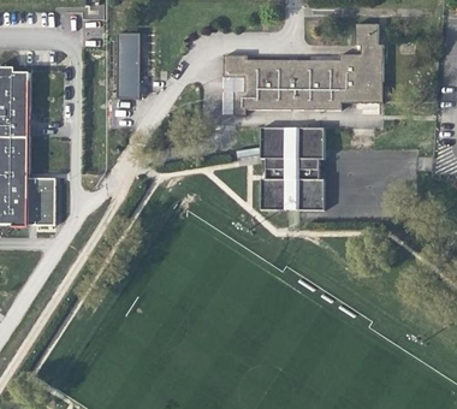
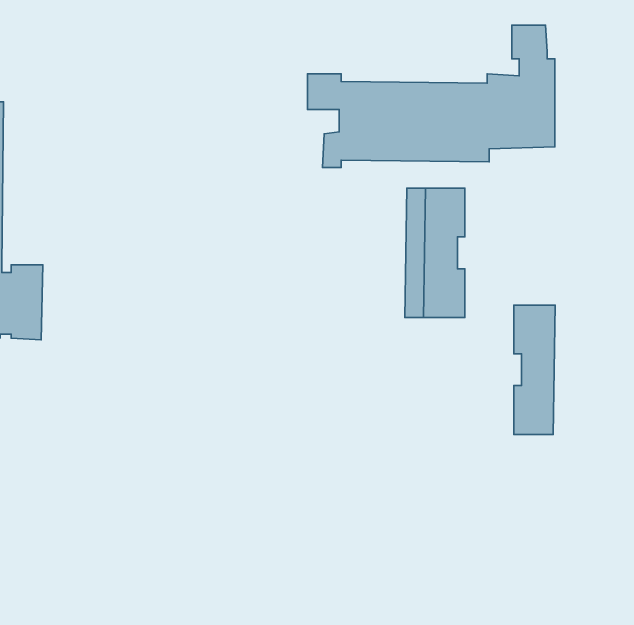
building: [117,32,140,97] -> none
building: [261,128,287,211] -> [514,305,555,434]

